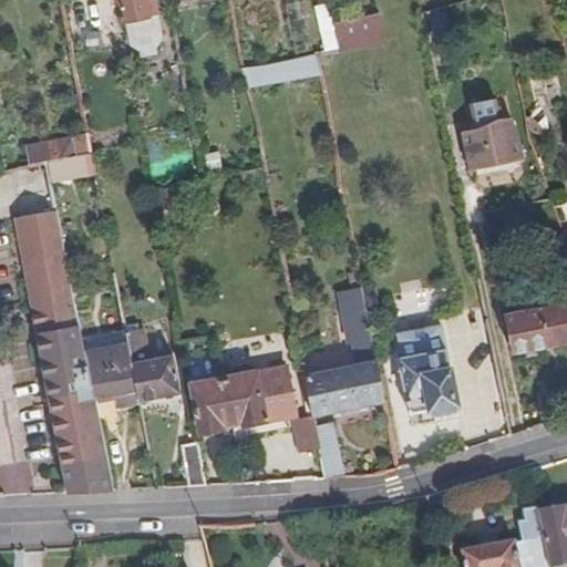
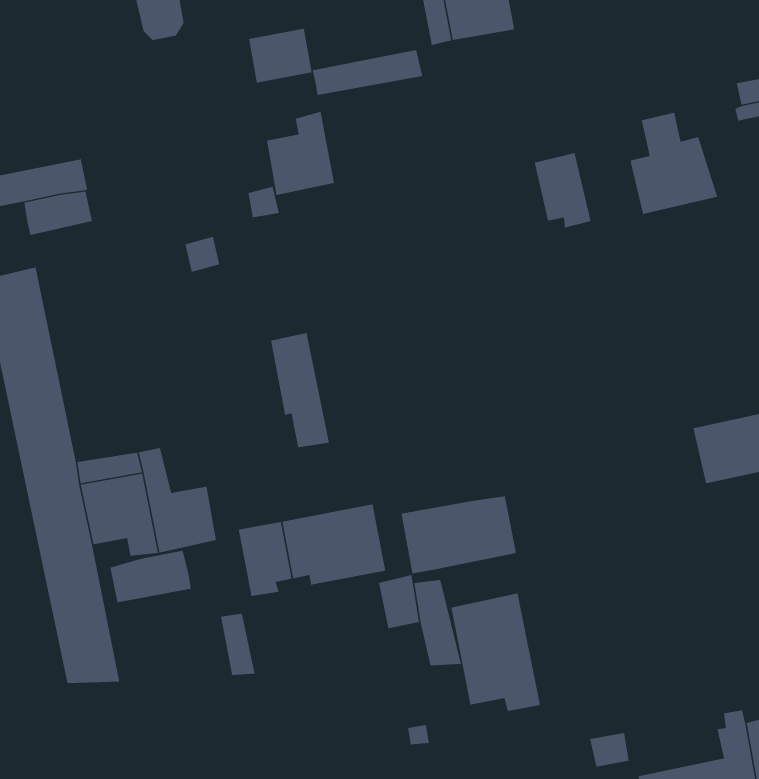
building: none -> [248,28,312,83]
building: none -> [266,111,335,196]
building: none -> [534,152,591,229]
building: [334,286,375,365] -> [270,332,330,448]
building: [395,336,457,417] -> [451,593,541,712]
building: none -> [110,550,192,603]

